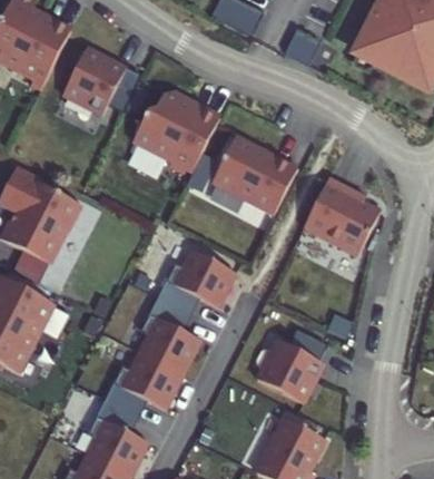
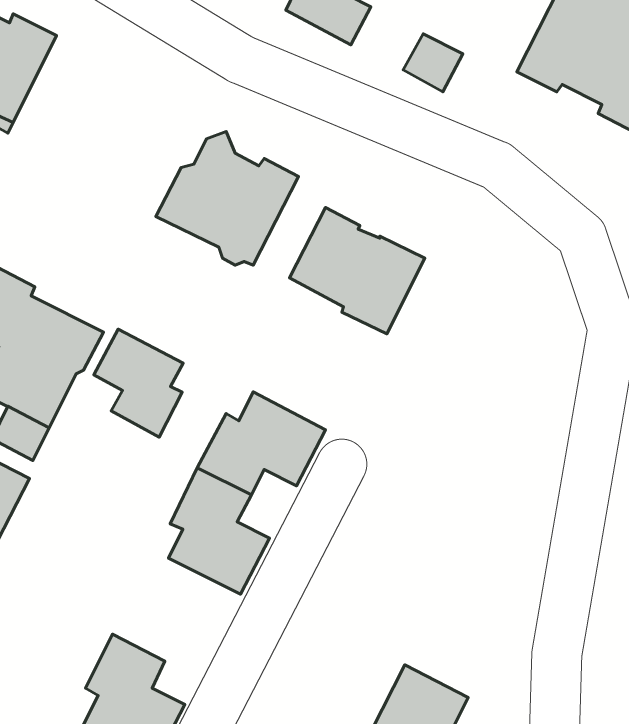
building: [61,48,140,115] -> none
building: [303,176,379,255] -> none
building: none -> [94,329,183,437]
building: [256,330,326,402] -> none
building: [105,352,184,416] -> none

